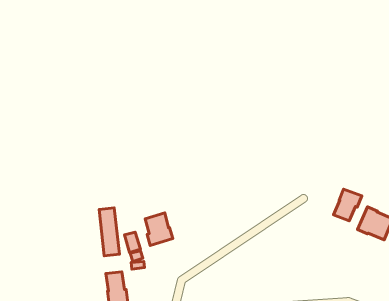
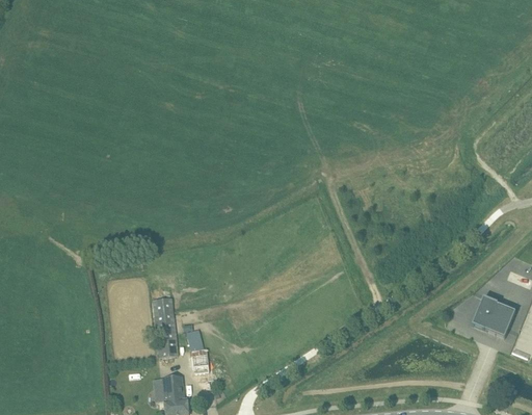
building: [333,189,362,221] -> none
building: [145,213,173,246] -> none

